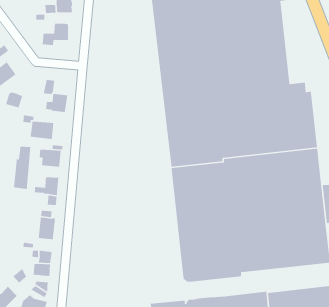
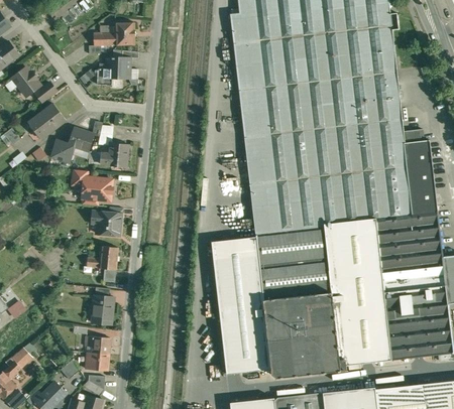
building: none -> [68,128,94,151]
building: [13,146,31,190] -> none
building: none -> [211,237,270,374]

